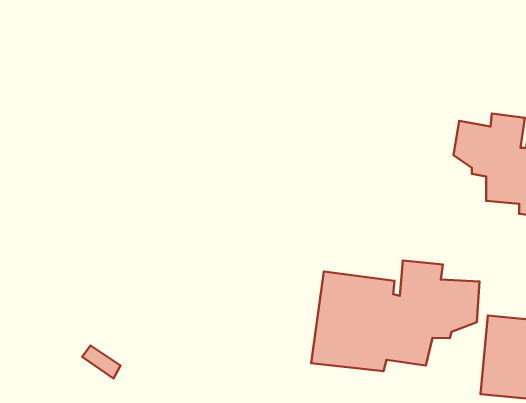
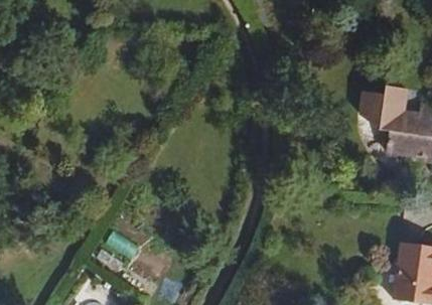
building: [311,260,479,371] -> none

